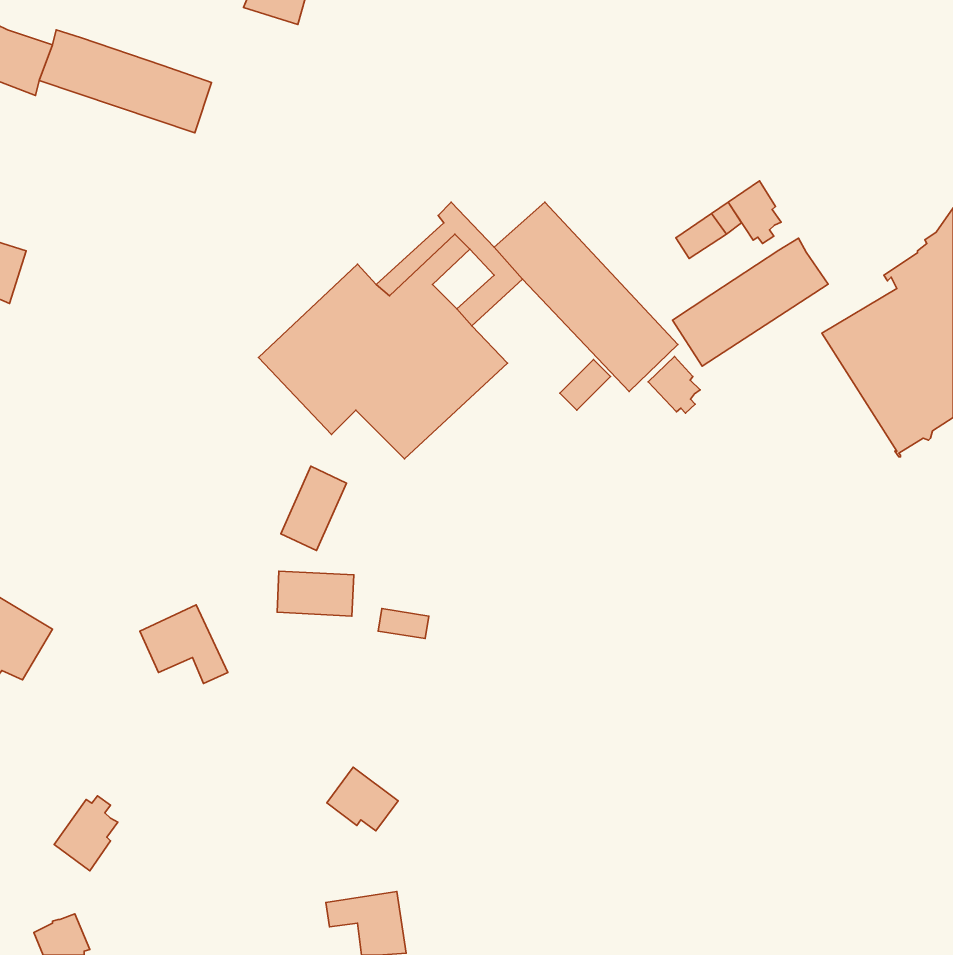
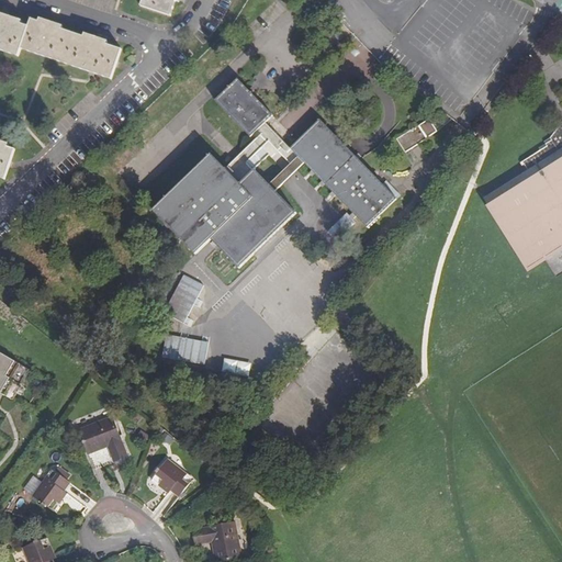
building: none -> [213,76,271,135]
building: [728,181,781,244] -> none
building: [672,238,828,366] -> none
building: [648,356,700,413] -> none
building: [140,605,228,684] -> [76,414,127,460]
building: [327,767,398,831] -> [149,460,191,497]

